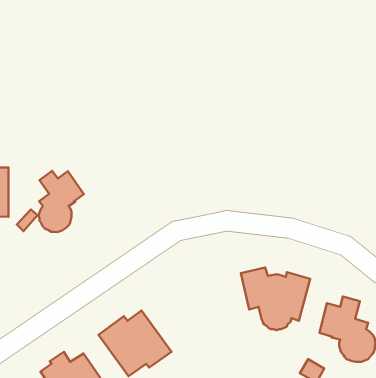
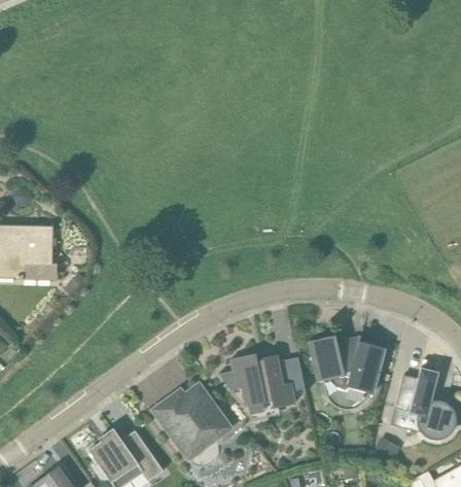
building: [39,171,84,232] -> none
building: none -> [218,353,305,409]

